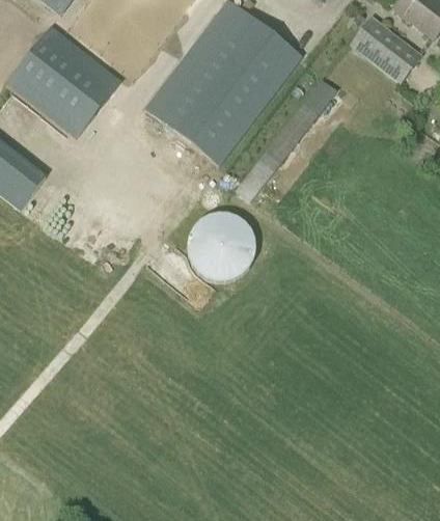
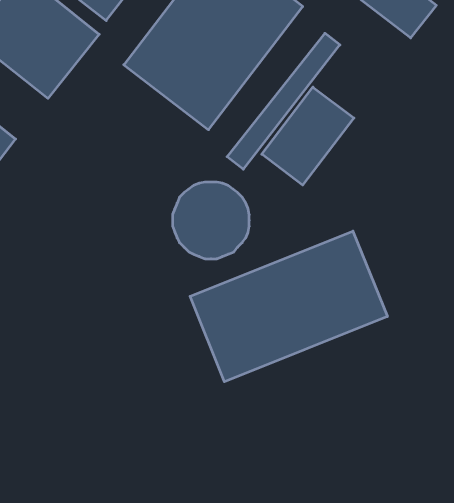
building: none -> [262,87,354,185]
building: none -> [190,231,387,382]

